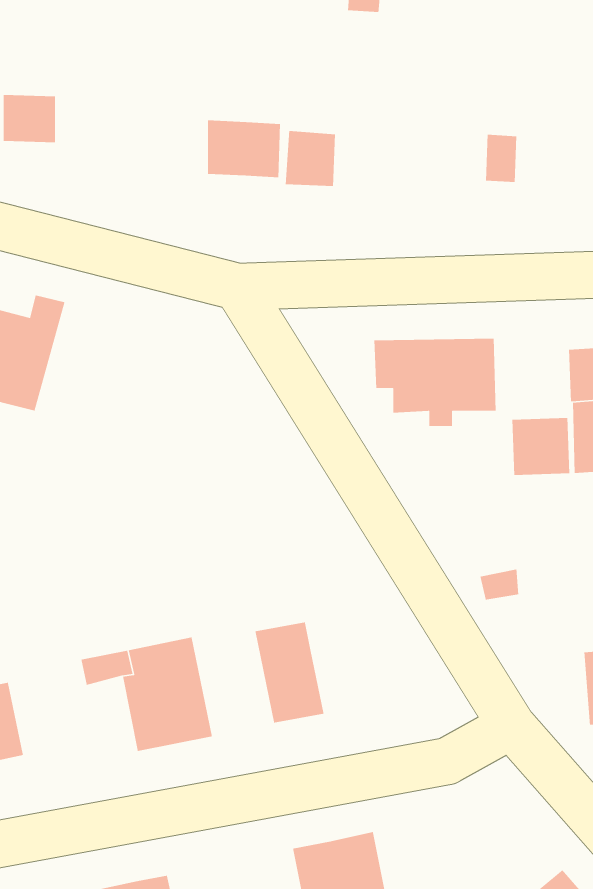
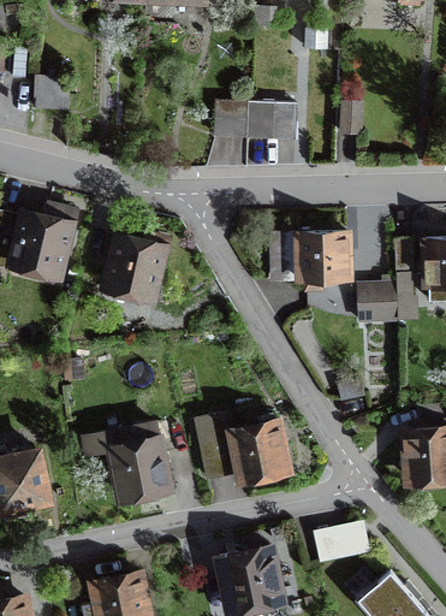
building: [207,120,281,178] -> [249,101,296,138]
building: none -> [105,235,166,302]
building: none -> [231,414,287,478]
building: none -> [316,523,367,559]

